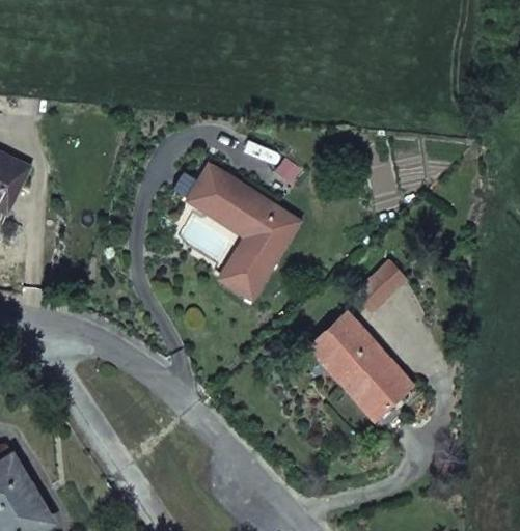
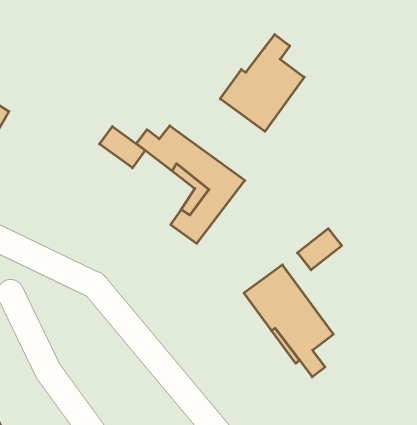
building: none -> [220,34,304,131]
building: none -> [99,126,145,168]

